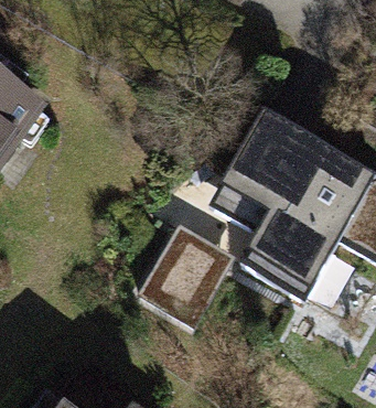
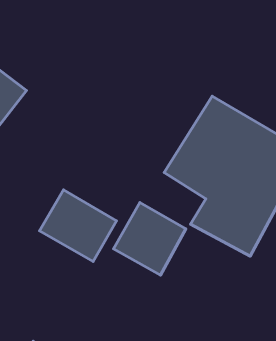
building: none -> [39,190,117,262]

